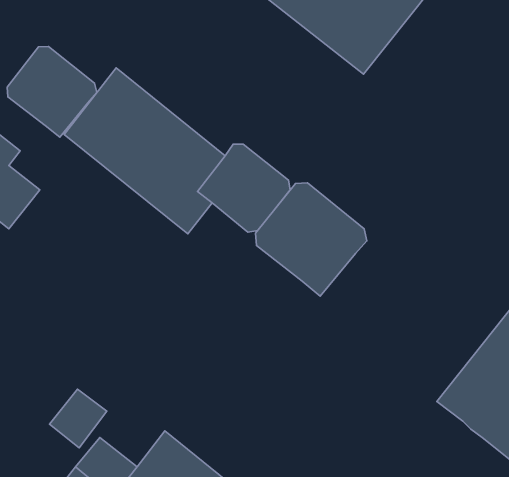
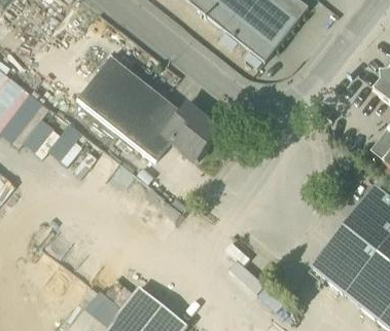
building: [7,46,97,137] -> none
building: [256,183,367,296] -> none
building: [49,389,107,448] -> none

